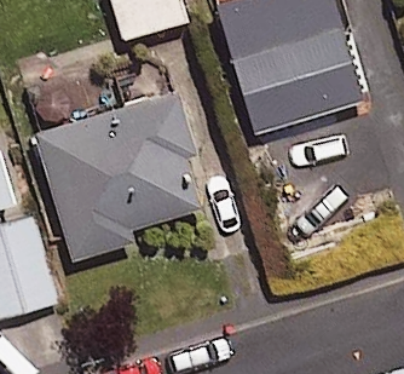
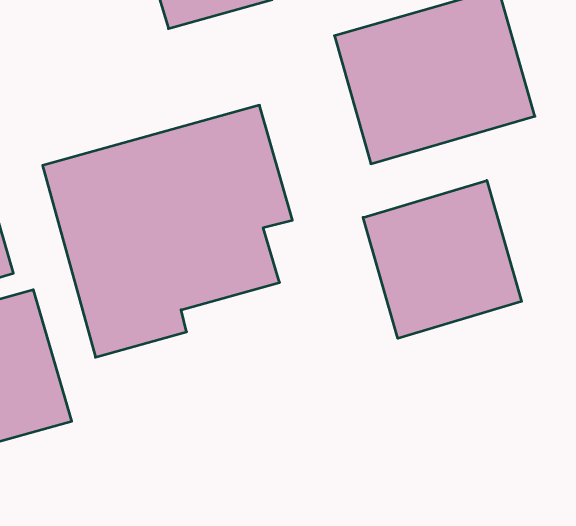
building: none -> [363,180,522,338]

